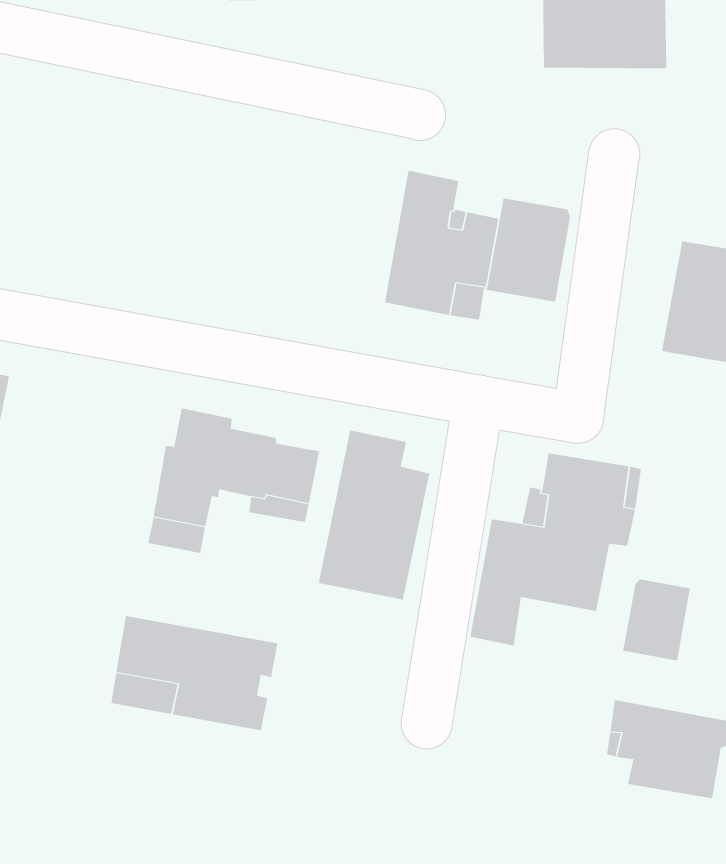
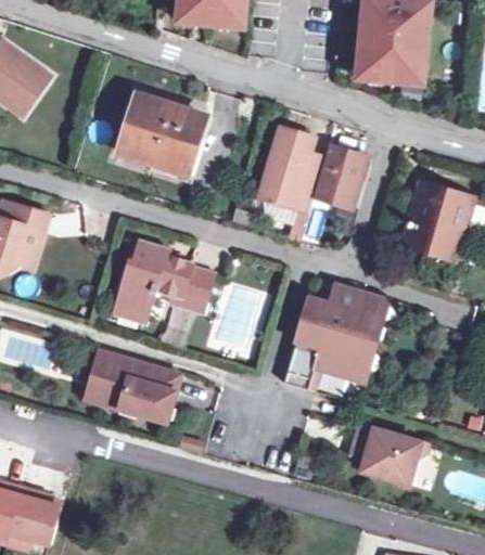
building: none -> [118,94,203,170]
building: [623,578,690,662] -> none

